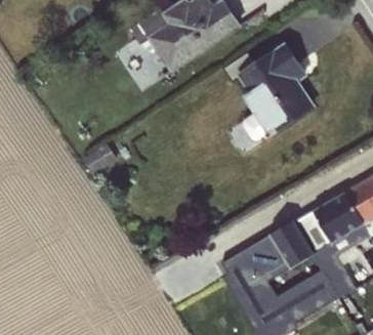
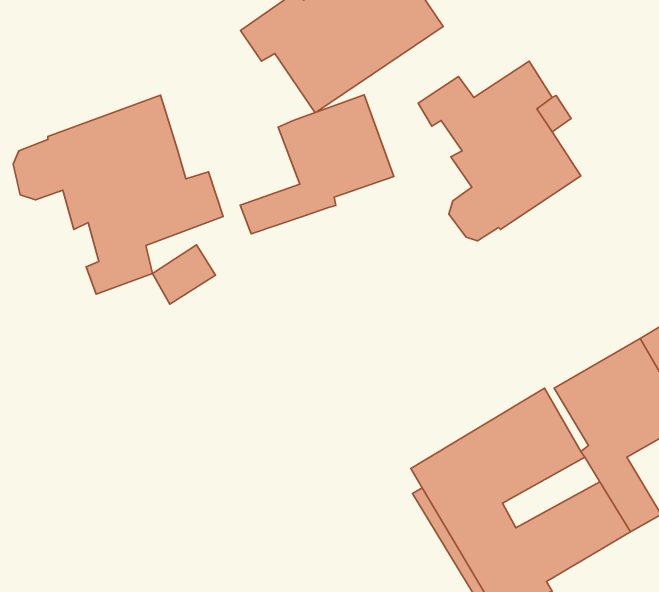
building: none -> [240,95,394,234]
building: none -> [13,95,223,294]

